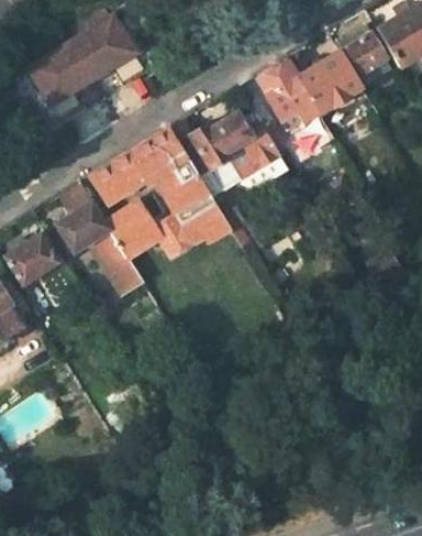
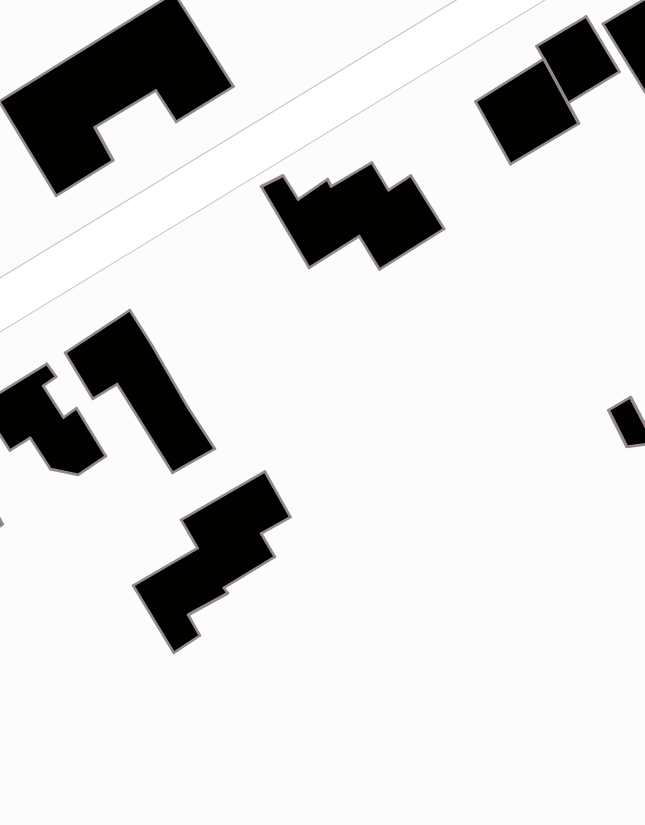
building: [259,64,319,122] -> none
building: [91,125,229,256] -> none
building: none -> [133,471,290,653]

